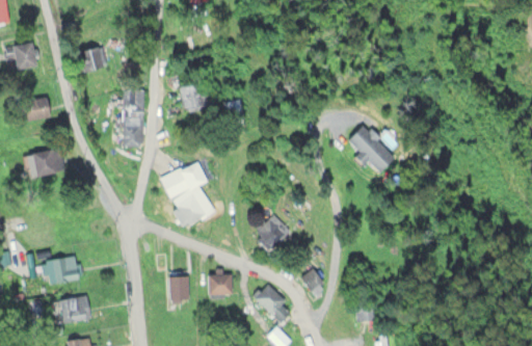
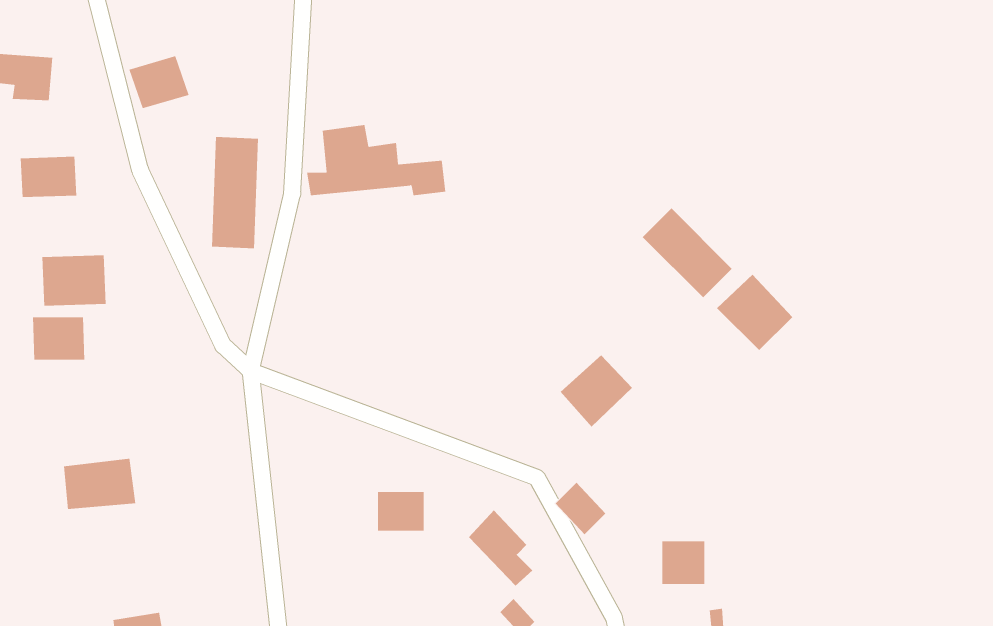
building: [159,157,215,229] -> none
building: none -> [716,274,793,351]
building: none -> [33,316,85,361]
building: [250,214,289,252] -> [560,354,633,427]
building: [167,276,188,305] -> none
building: [58,296,90,324] -> none

